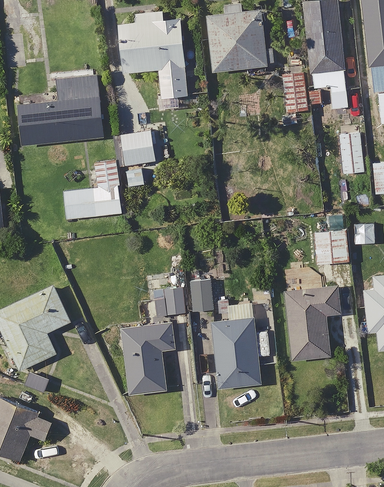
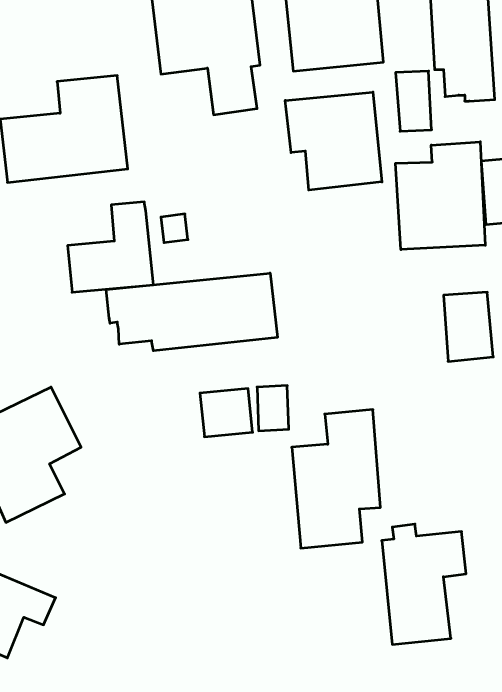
building: none -> [285,92,382,190]
building: none -> [396,142,485,250]
building: [113,130,155,165] -> none
building: none -> [106,273,277,351]
building: [285,280,341,360] -> [382,524,466,644]
building: [121,322,172,394] -> none

